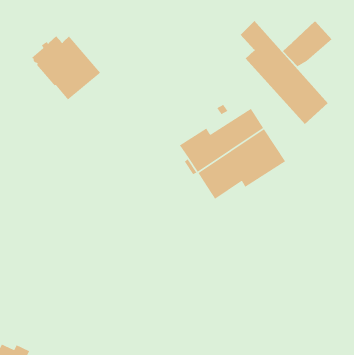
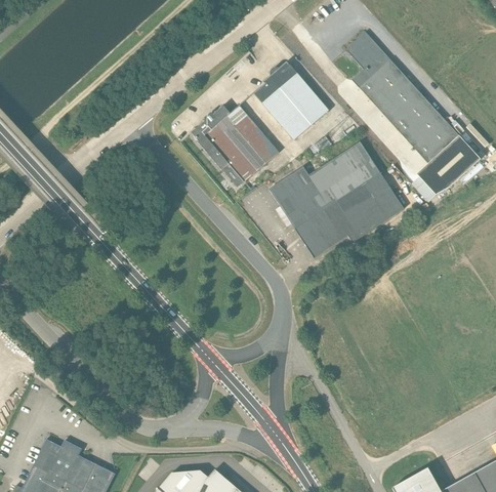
building: [282,21,332,67] -> [417,136,481,195]
building: [31,36,101,101] -> [192,106,280,188]
building: none -> [254,62,330,140]

